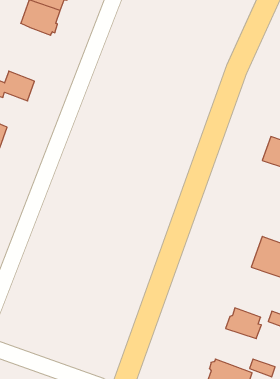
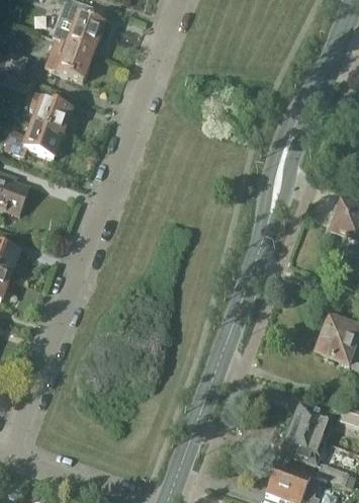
building: none -> [28,91,70,134]
building: none -> [280,427,324,465]

